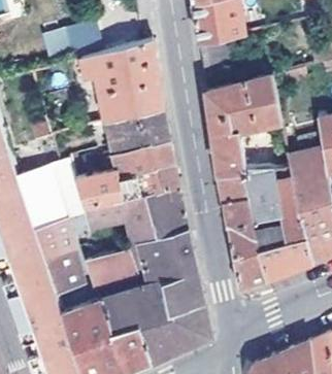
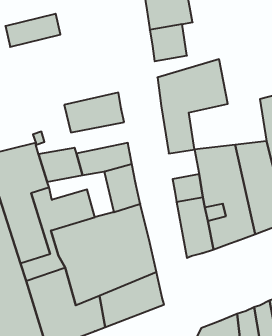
building: [77,39,163,122] -> none
building: [111,140,173,174] -> none
building: [218,170,251,202] -> none
building: [86,194,158,243] -> none

